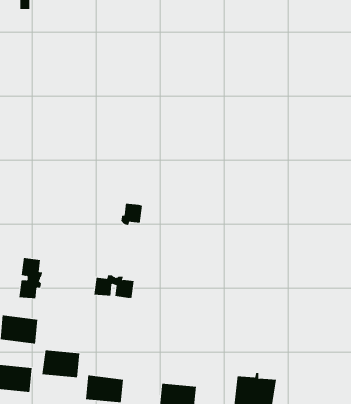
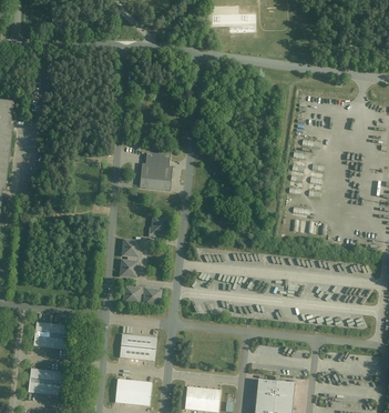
building: none -> [140,152,173,191]
building: [19,258,43,299] -> [120,239,143,278]
building: [41,350,80,378] -> [120,334,156,361]

